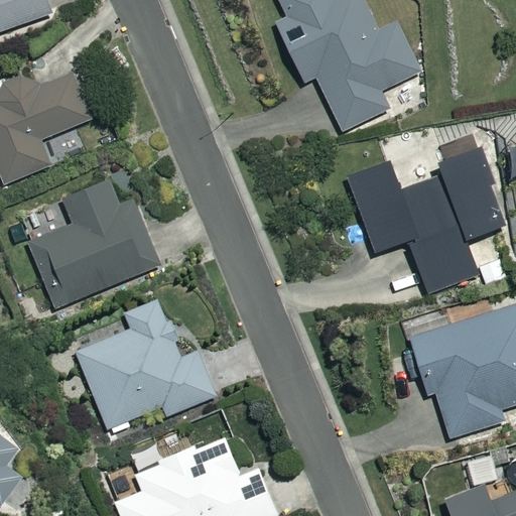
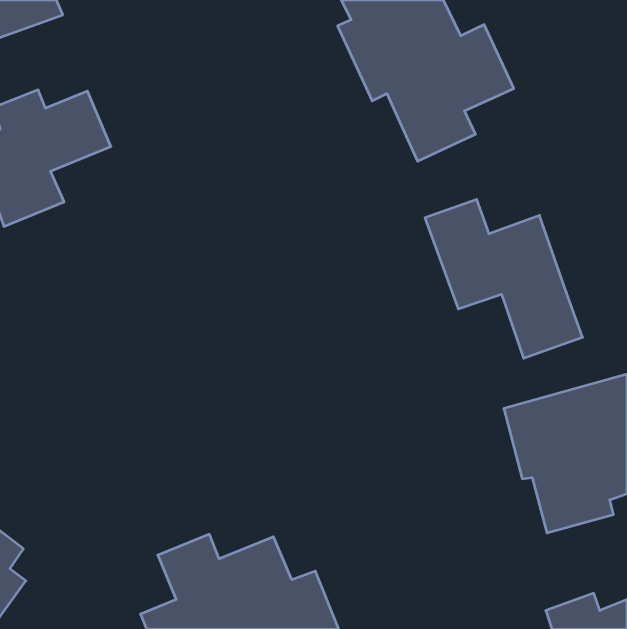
building: [439,150,505,240] -> none
building: [27,183,158,307] -> none
building: [77,300,215,428] -> none

